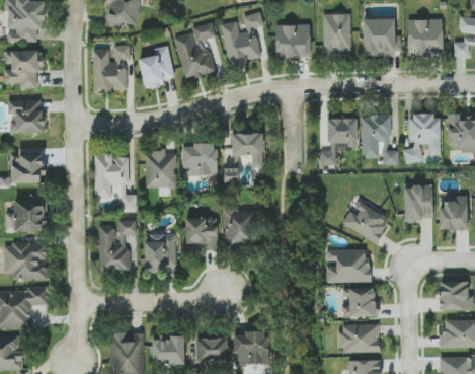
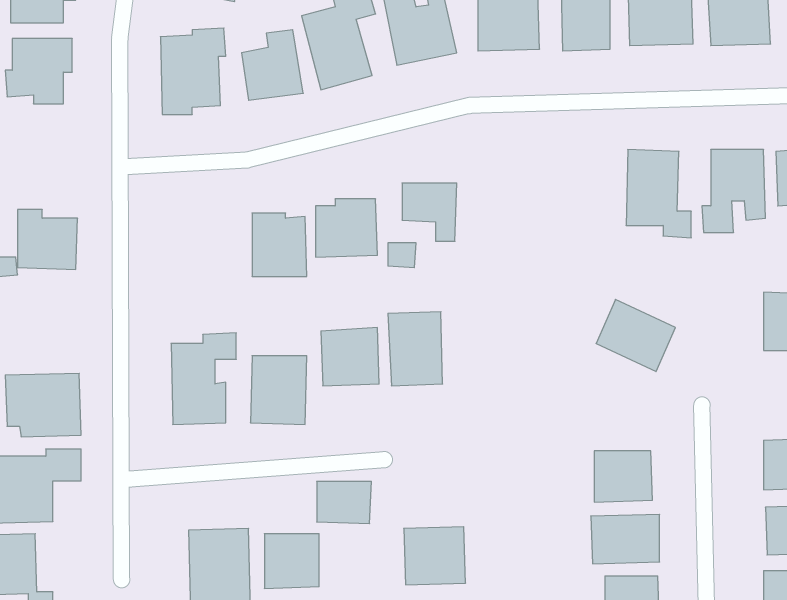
building: [8,98,43,132] -> none
building: [320,118,358,164] -> none
building: [94,152,137,212] -> none
building: [404,184,432,220] -> none
building: [6,198,47,231] -> none
building: [326,248,371,282] -> none
building: [196,338,228,362] -> [317,481,371,524]

